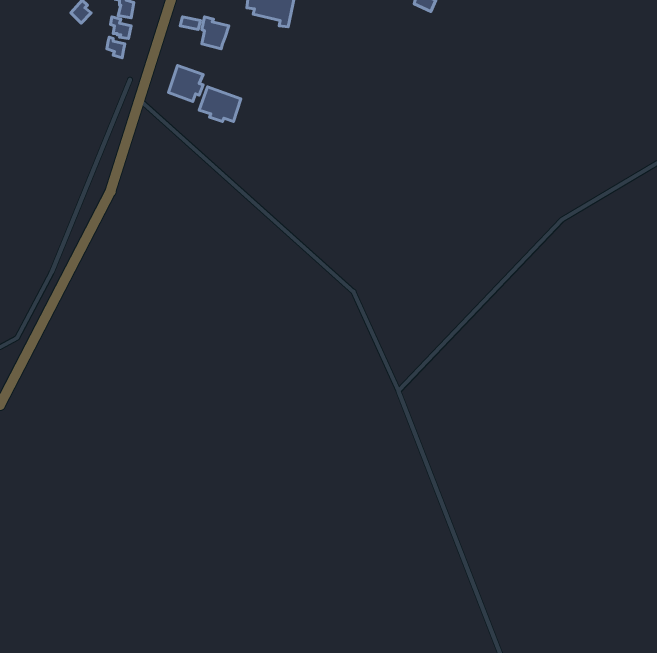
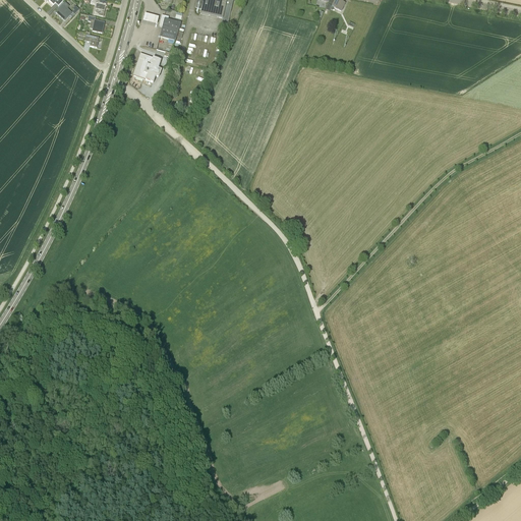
building: [199,87,241,122] -> none

